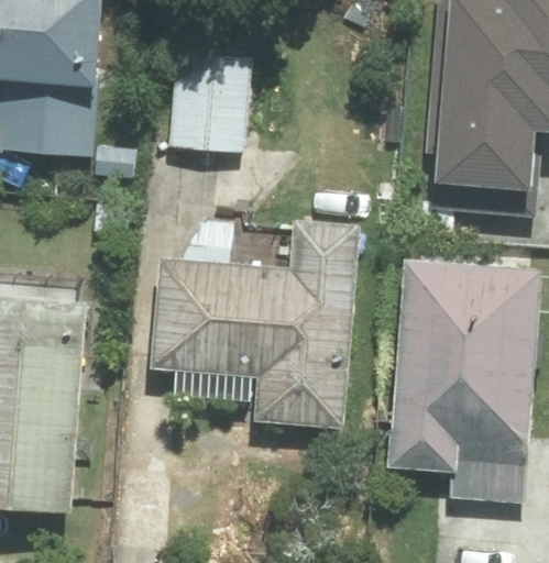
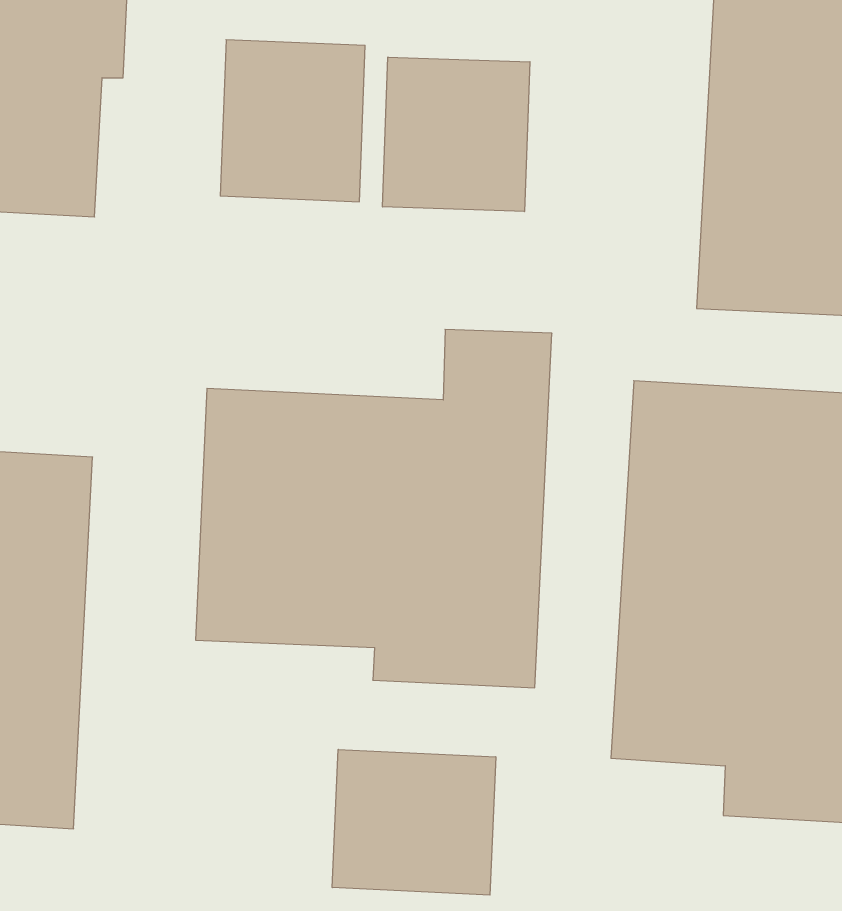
building: none -> [383,57,530,212]
building: none -> [332,749,496,895]

